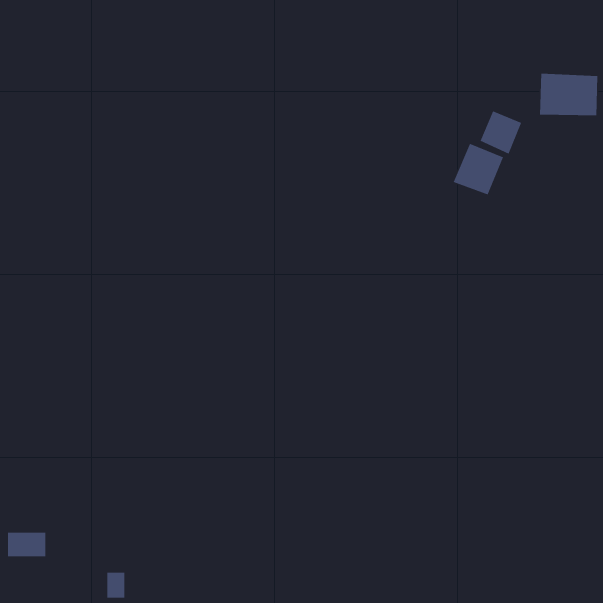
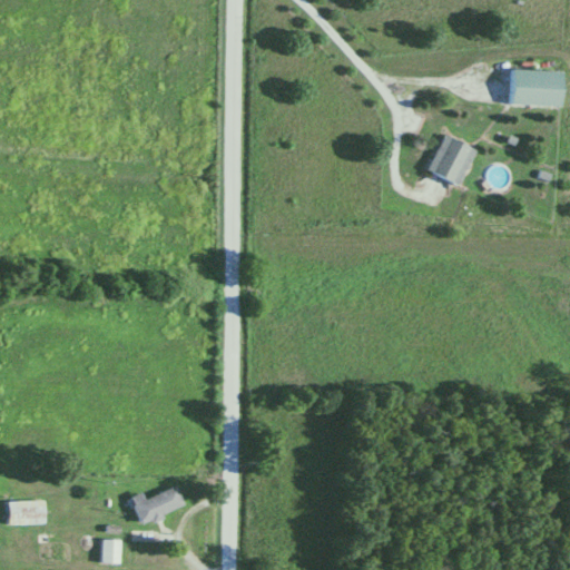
building: [480,110,522,155] -> none
building: none -> [130,487,185,523]

